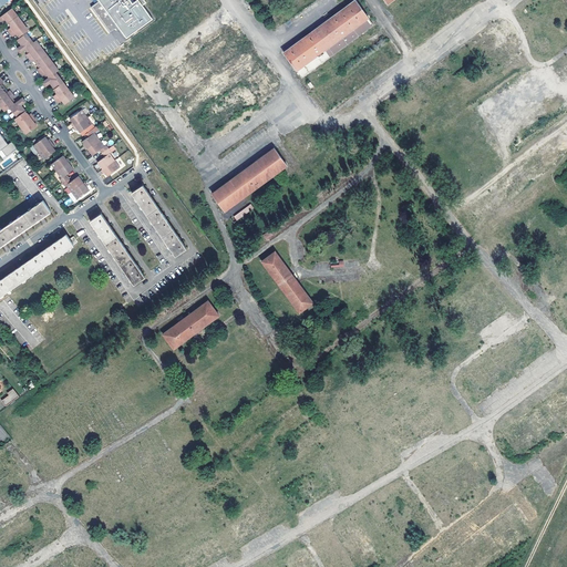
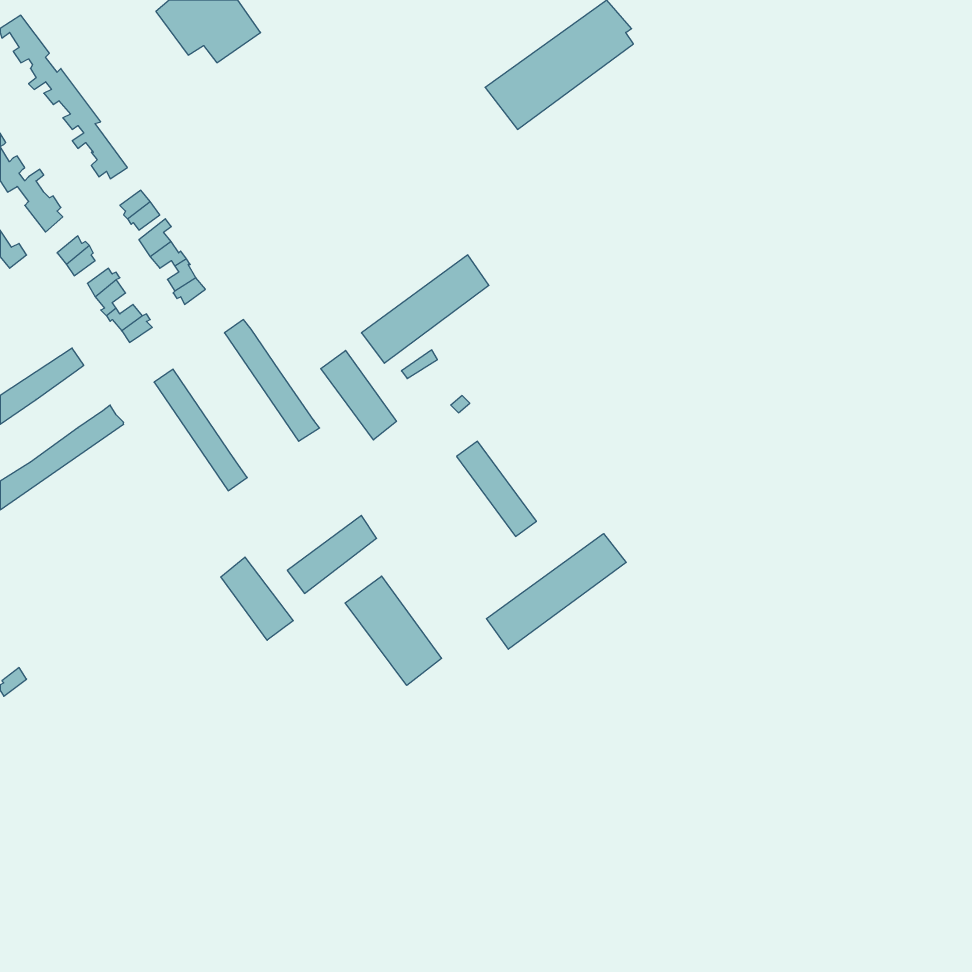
building: none -> [321,350,396,440]
building: none -> [486,534,626,649]
building: none -> [221,557,293,640]
building: none -> [345,576,442,685]

